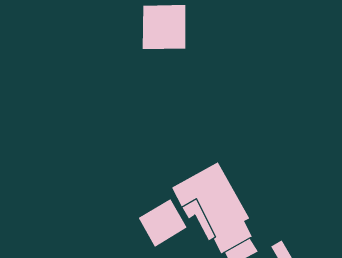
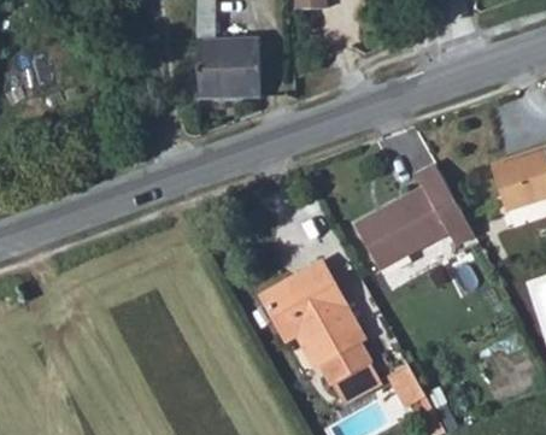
building: none -> [353,164,472,268]
building: [138,198,188,248] -> none

